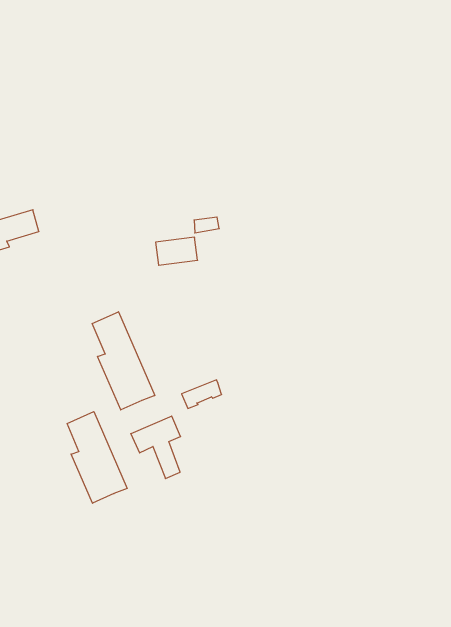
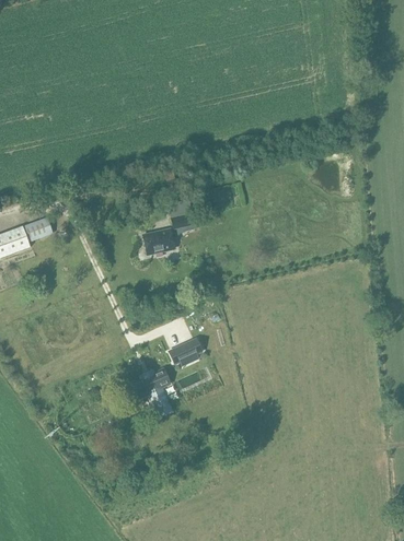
building: [92,312,155,410] -> none
building: [67,412,127,503] -> none

